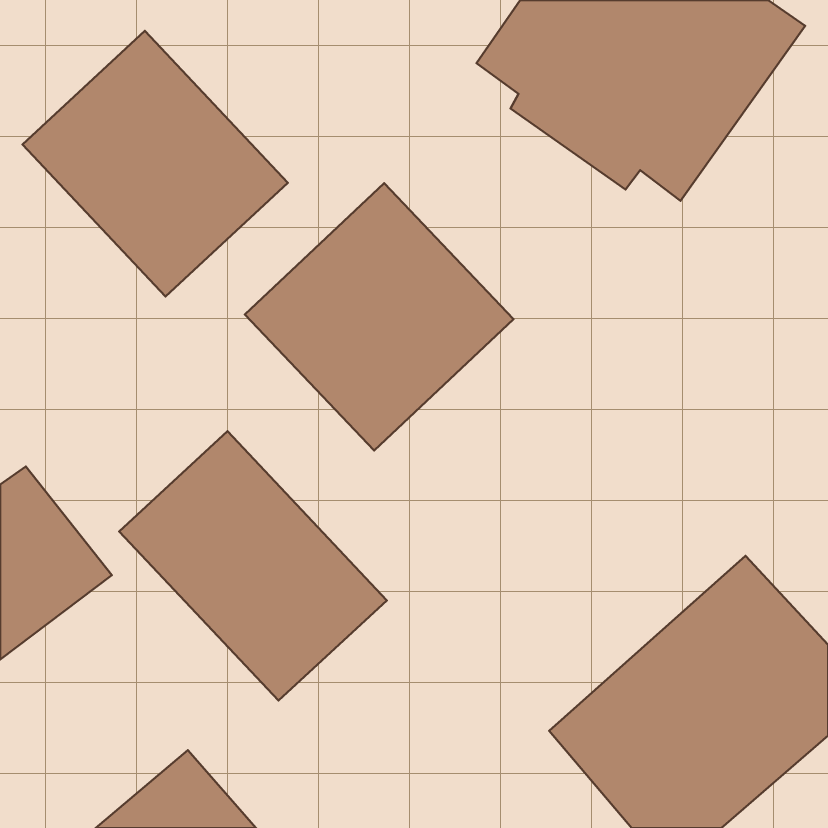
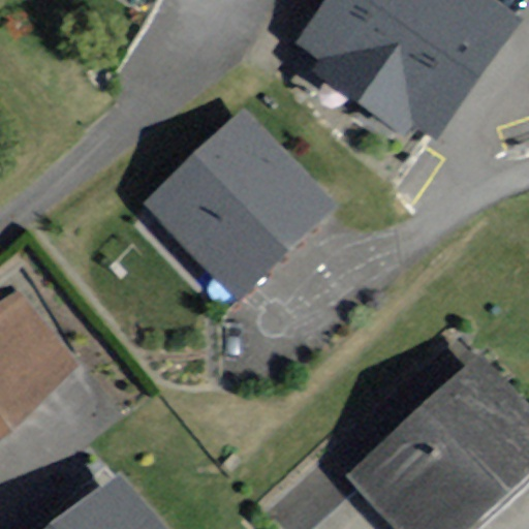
building: [22,31,288,297] -> none
building: [119,431,387,701] -> none

